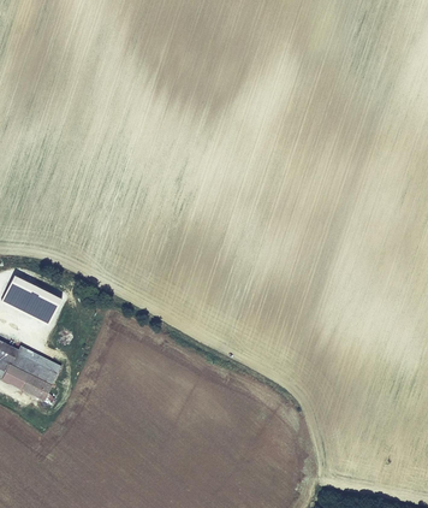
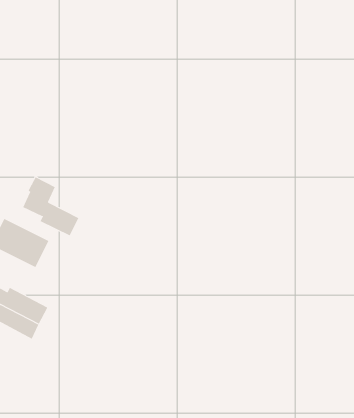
building: none -> [23,177,79,236]

